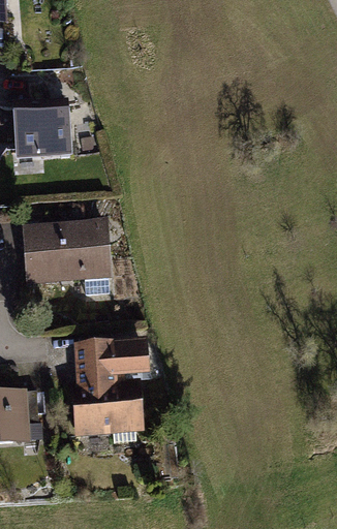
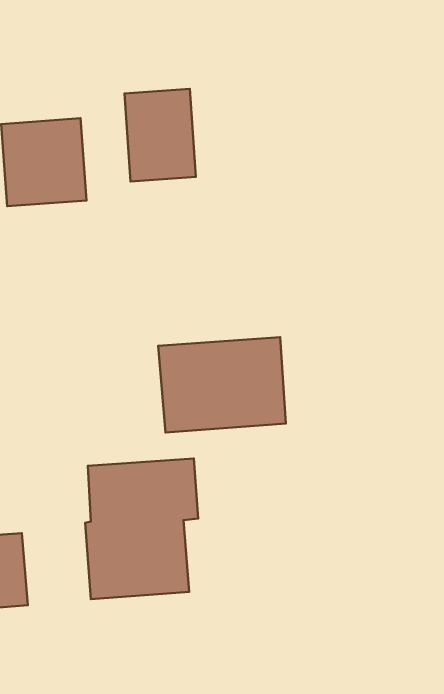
building: none -> [124,89,196,182]
building: [22,217,112,284] -> [158,337,286,432]

